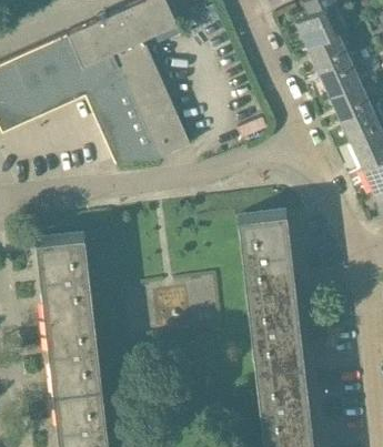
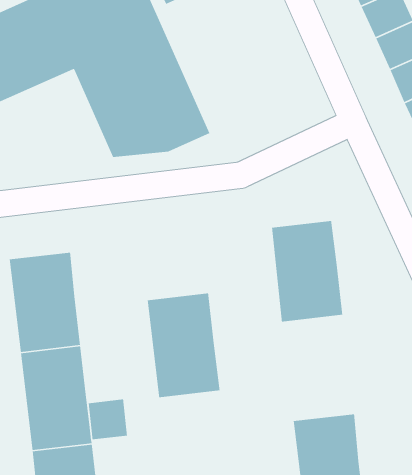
building: [246,284,303,365] -> [147,293,220,398]
building: none -> [88,398,128,440]

